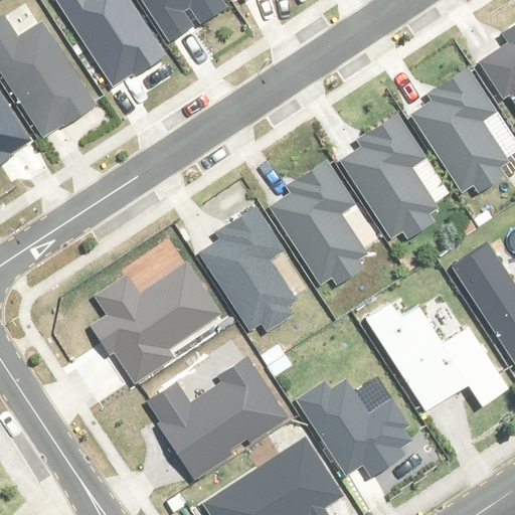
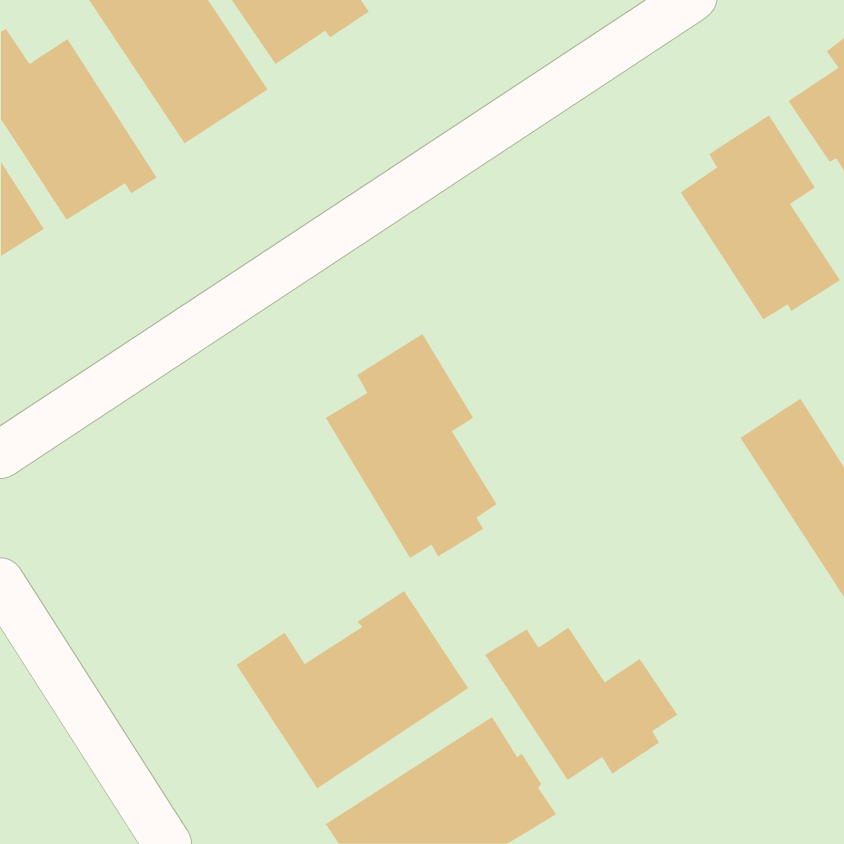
building: [340,114,440,240] -> none
building: [273,163,367,288] -> none
building: [94,261,221,384] -> none
building: [367,302,508,409] -> none

